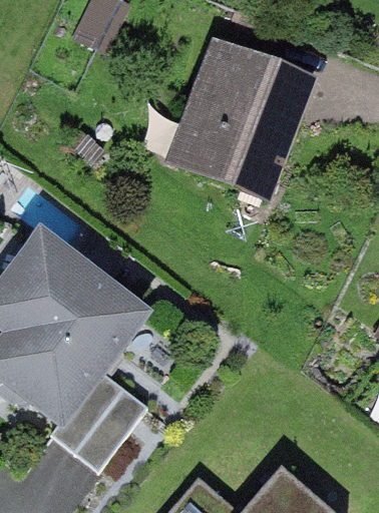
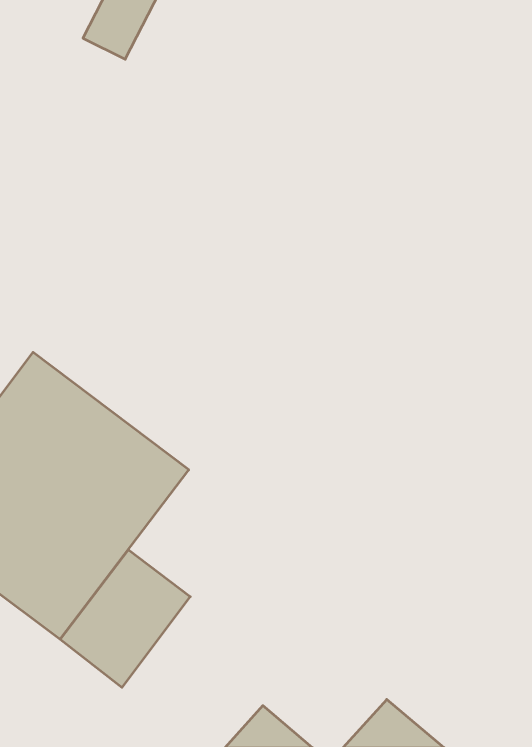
building: [180,43,309,177] -> none

